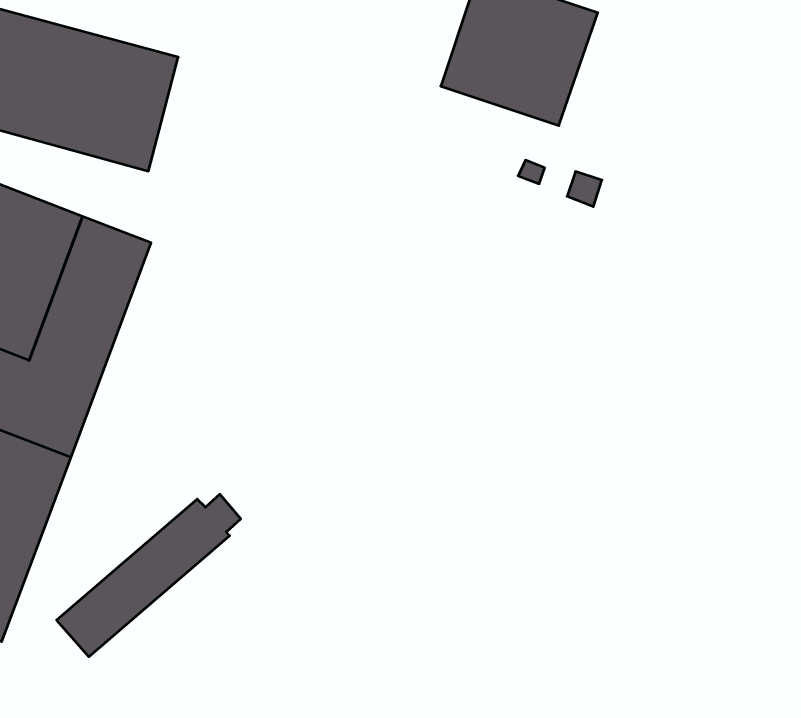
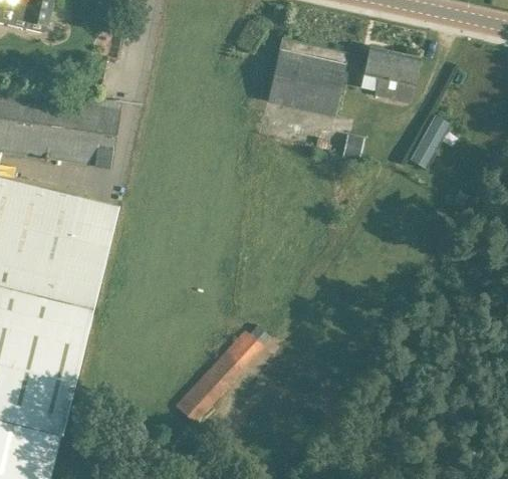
building: none -> [363,48,421,104]
building: none -> [411,117,450,169]
building: [57,494,241,657] -> [176,326,270,424]

